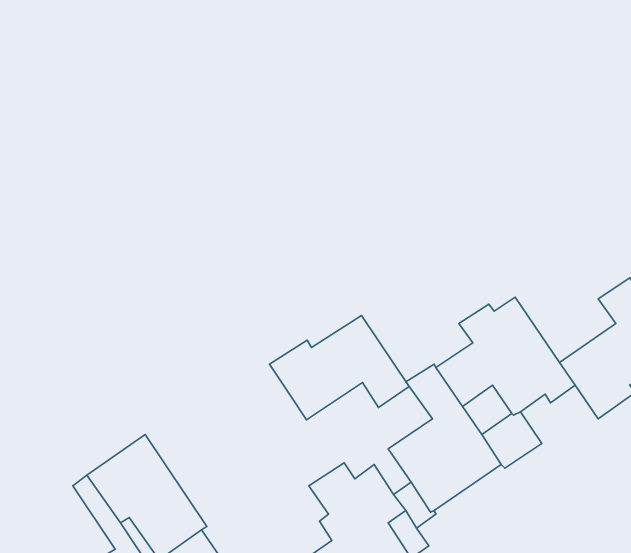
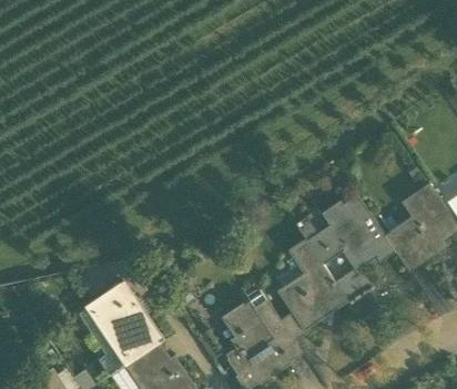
building: [270,315,409,420] -> none

